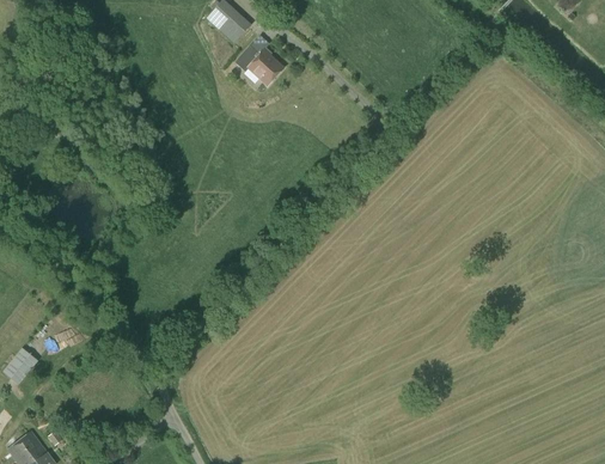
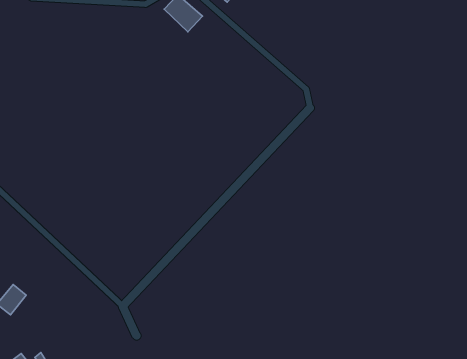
building: [236,43,282,83] -> none

